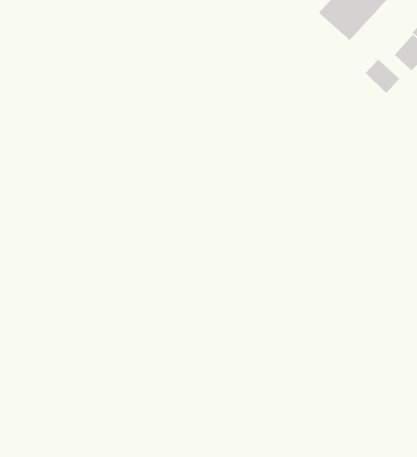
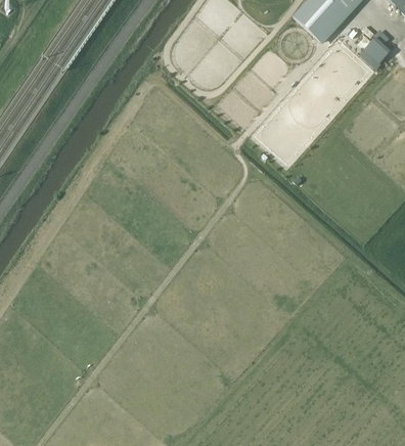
building: [365,59,400,94] -> none

